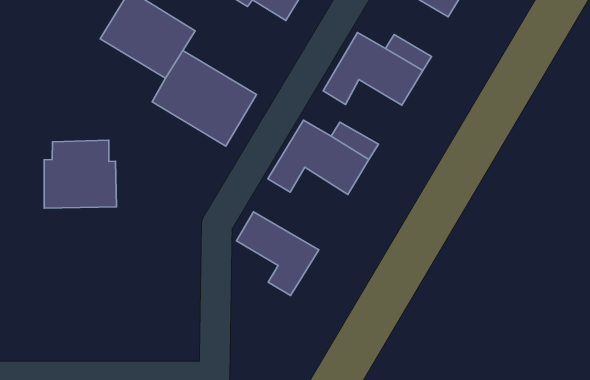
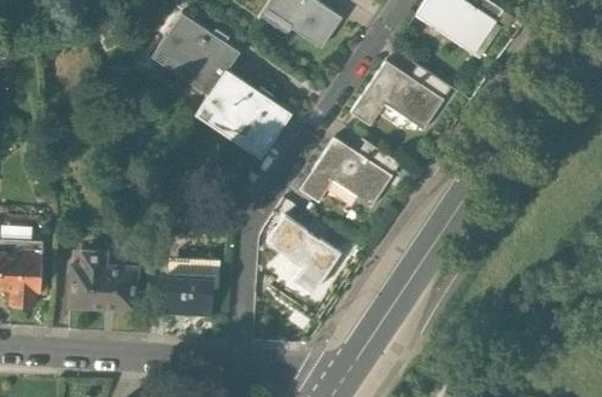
building: [44,140,117,208] -> [71,246,138,308]
building: none -> [165,257,214,315]

